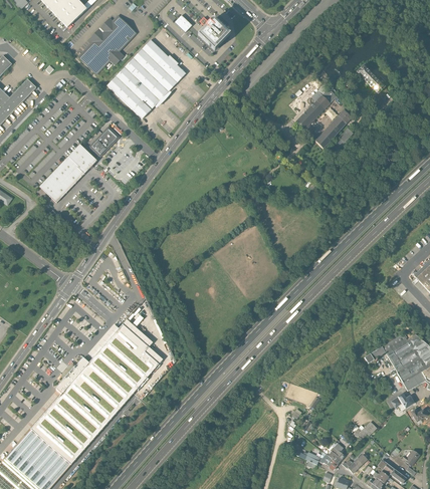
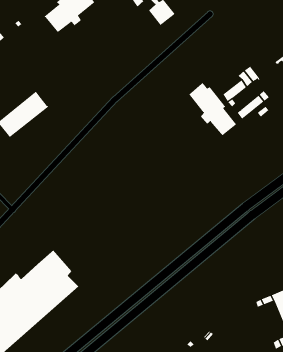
building: [106,40,186,119] -> none
building: none -> [188,83,237,136]
building: [87,127,118,160] -> none

